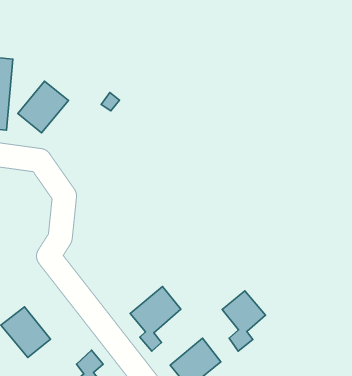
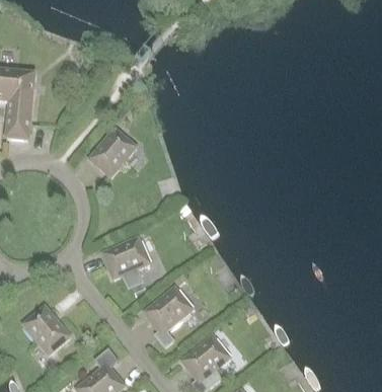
building: [18,81,68,133] -> [89,128,137,176]
building: none -> [102,237,150,290]
building: [222,291,266,351] -> none

